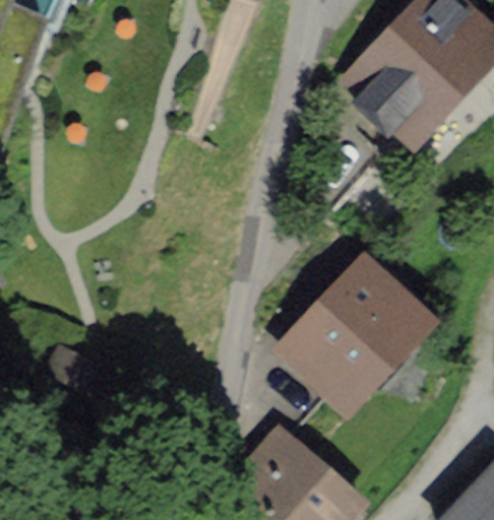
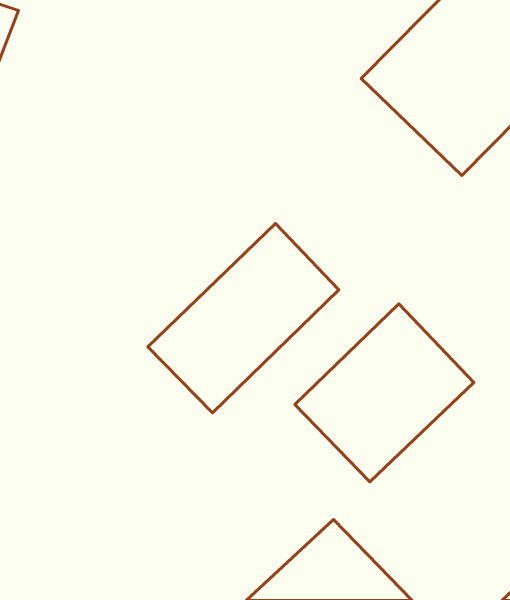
building: none -> [148,224,339,413]

